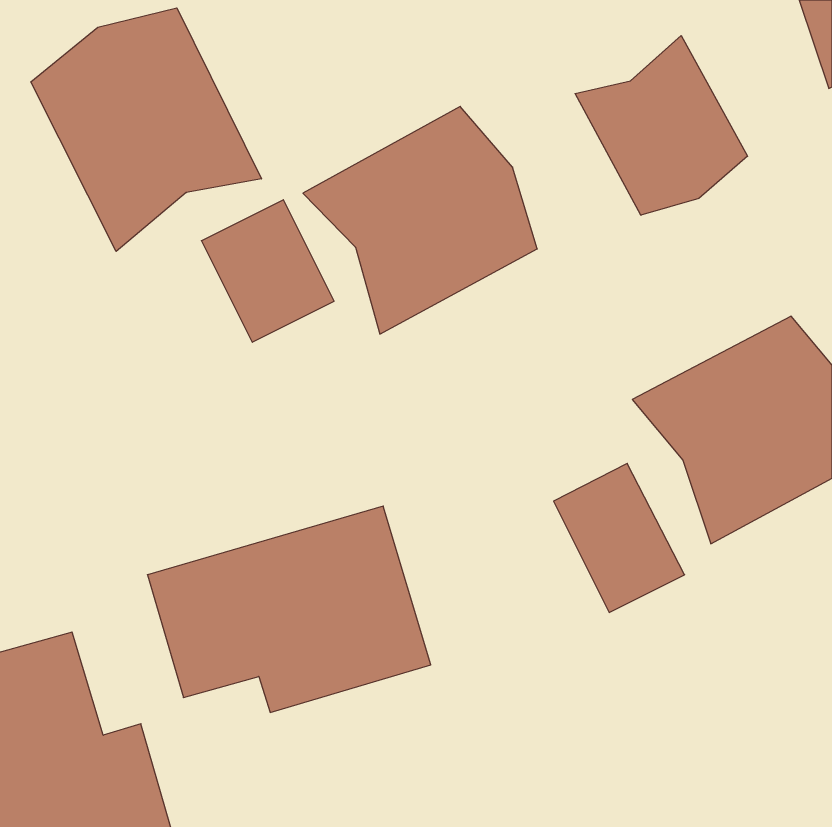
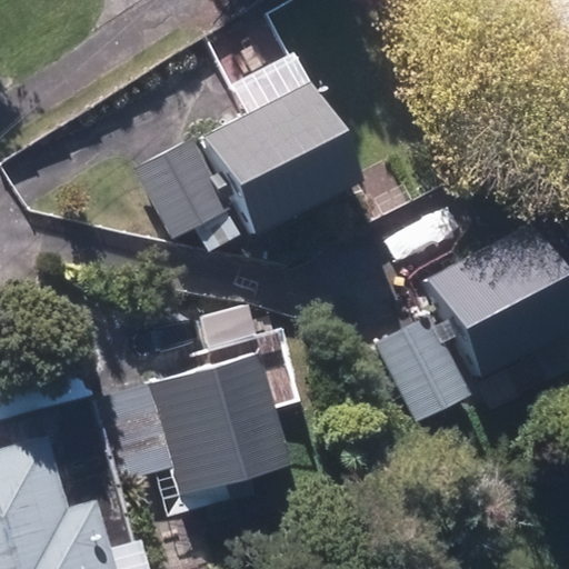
building: [31,8,261,251] -> none
building: [575,36,748,215] -> none

